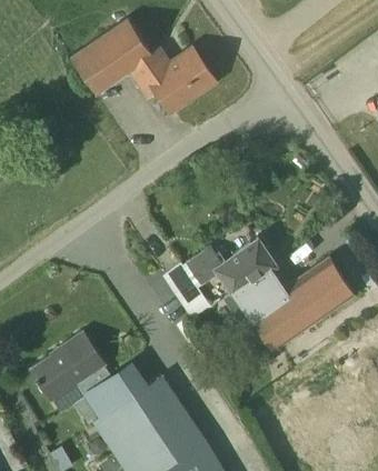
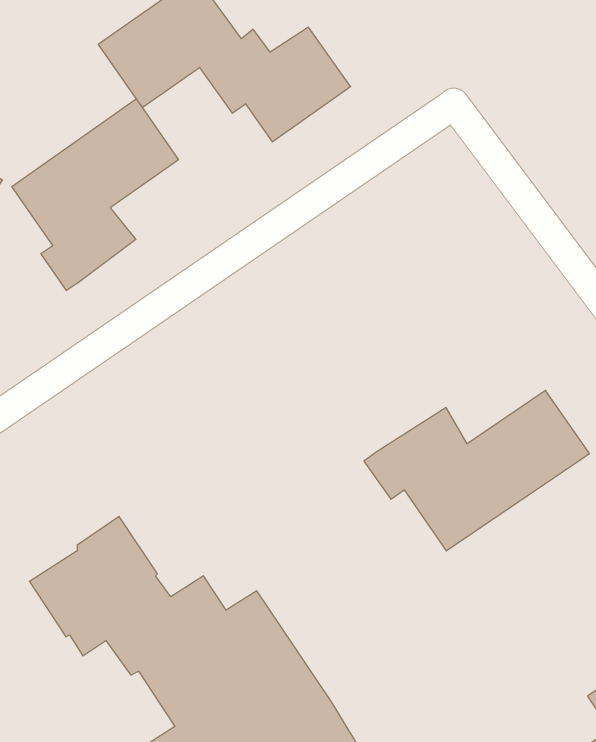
building: none -> [12,99,178,291]
building: [163,240,278,319] -> none

